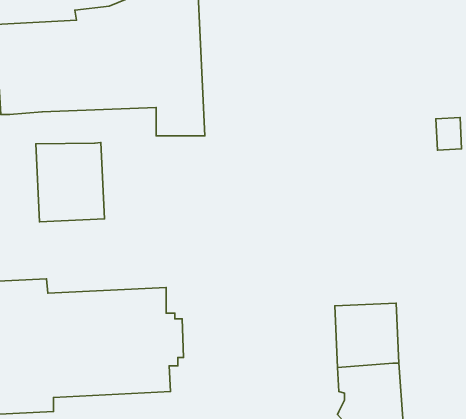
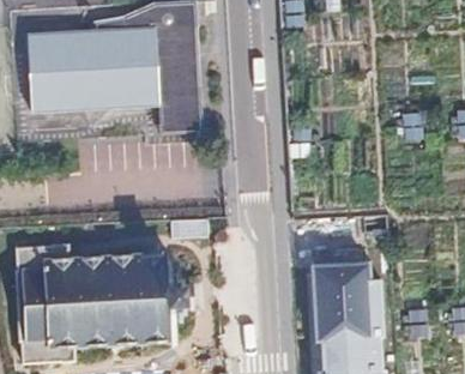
building: [36,143,104,222] -> none

